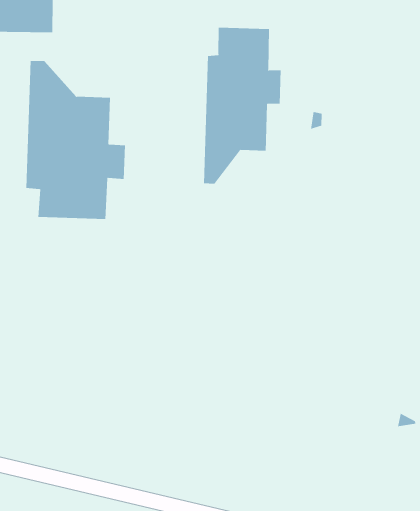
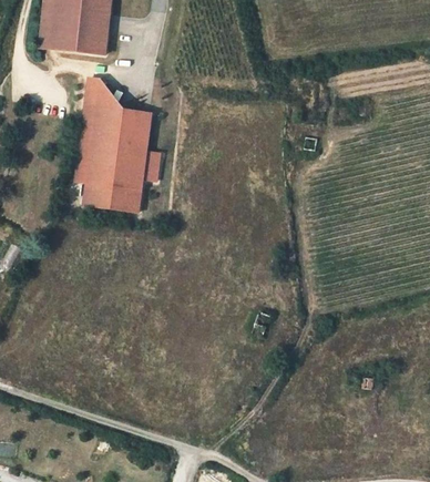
building: [203,27,281,185] -> none

